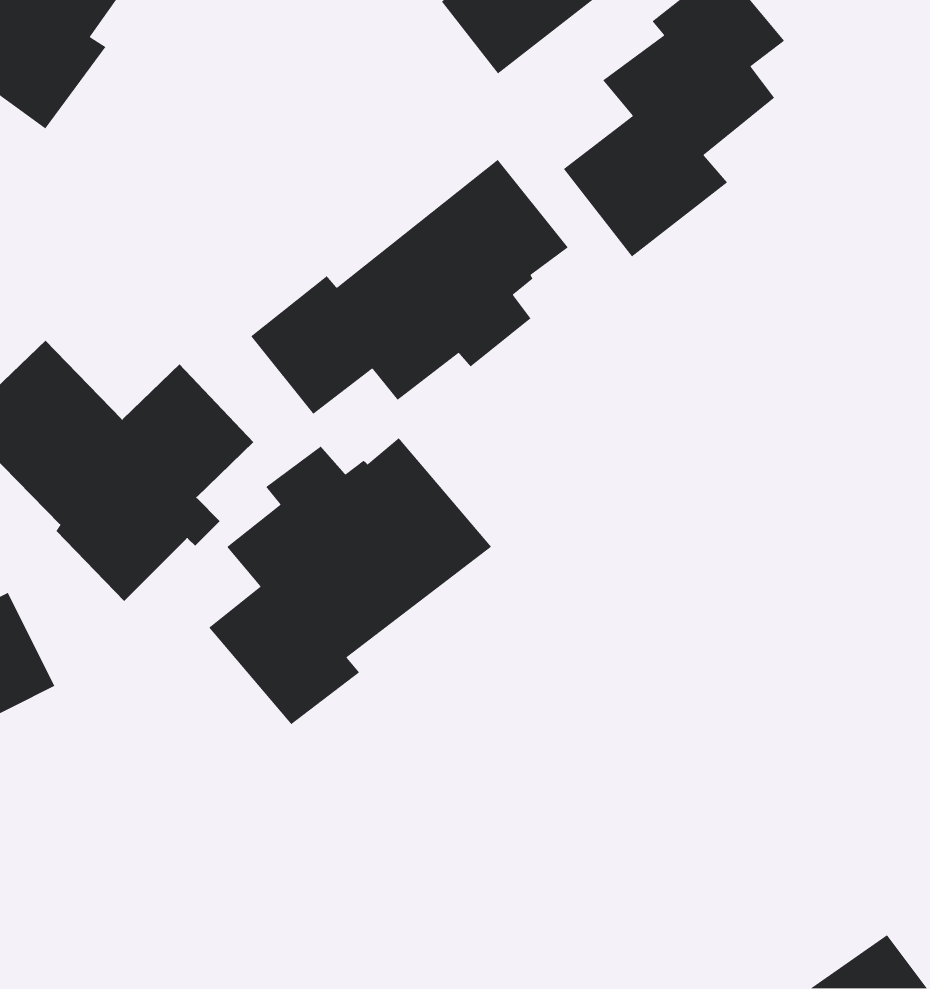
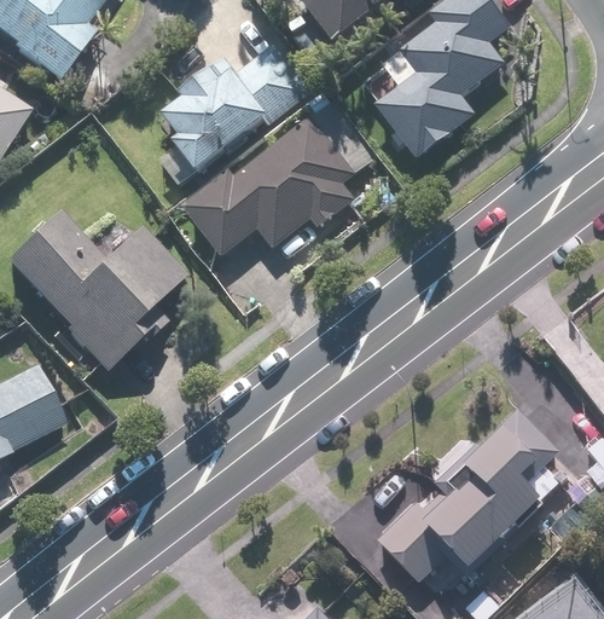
building: none -> [159,42,313,184]
building: [208,437,492,725] -> none
building: none -> [378,403,561,578]

